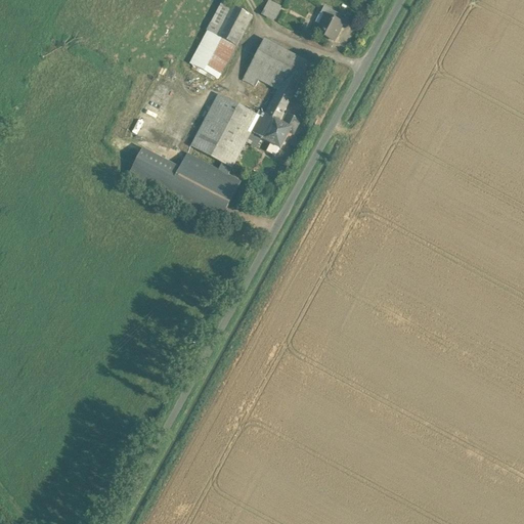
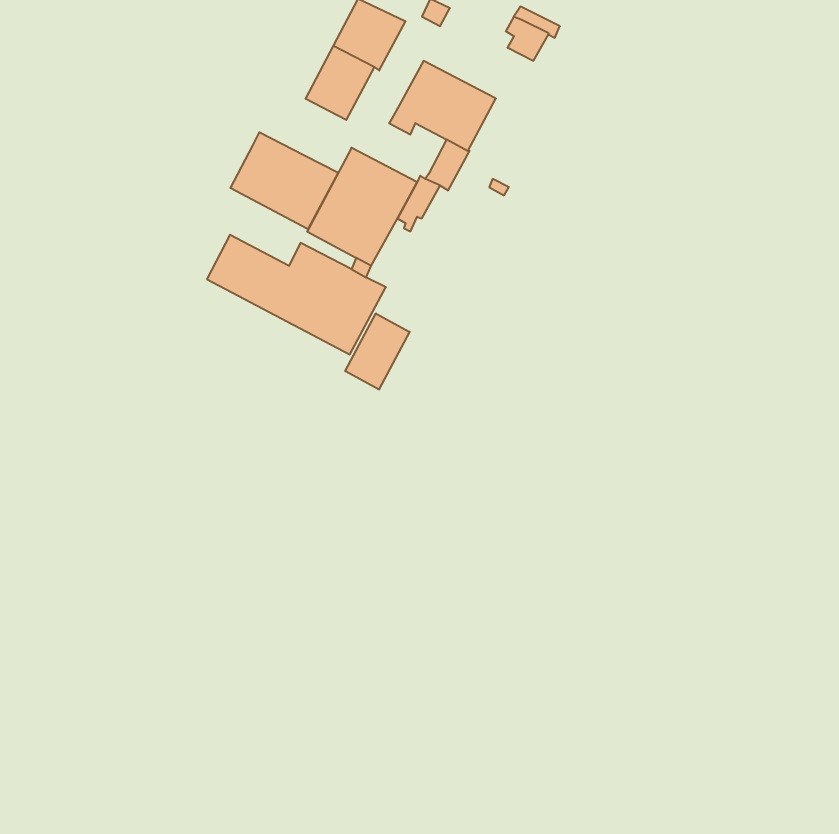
building: none -> [230,132,338,229]
building: [263,112,300,154] -> none
building: none -> [345,313,410,390]

